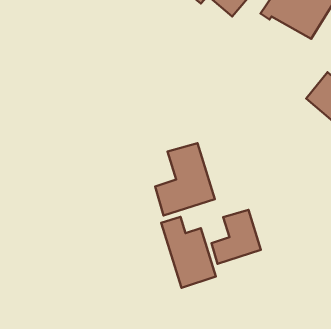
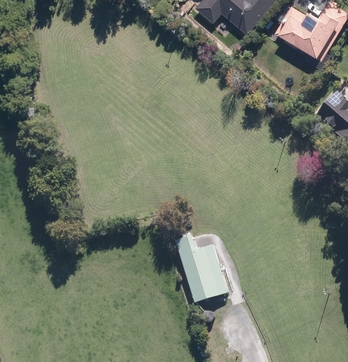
building: [155,143,215,216] -> none
building: [211,210,261,264] -> none

